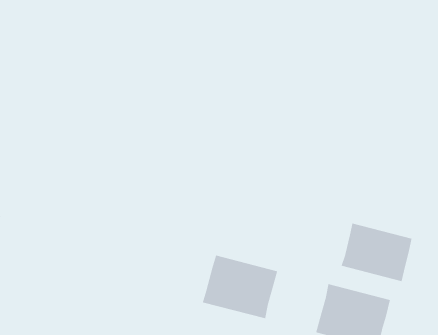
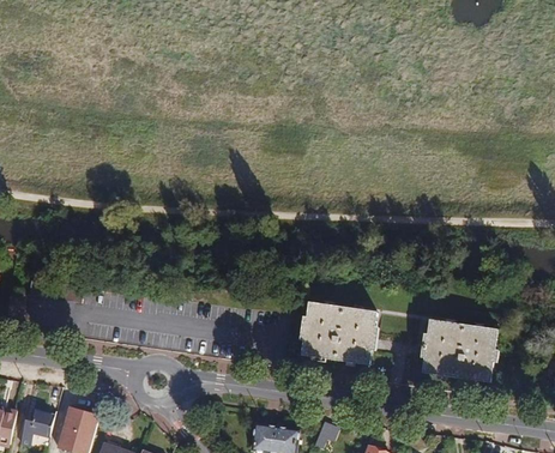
building: [341,223,413,282] -> none

